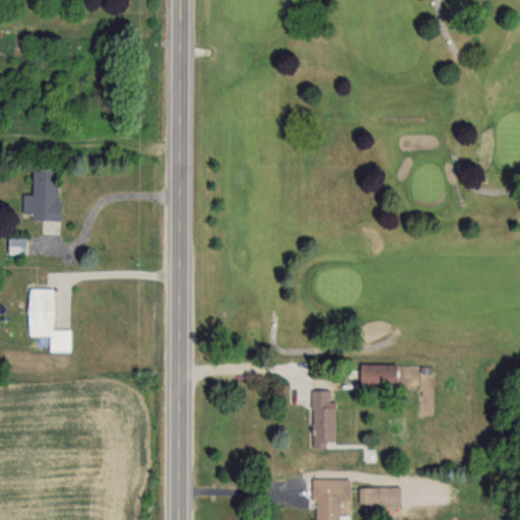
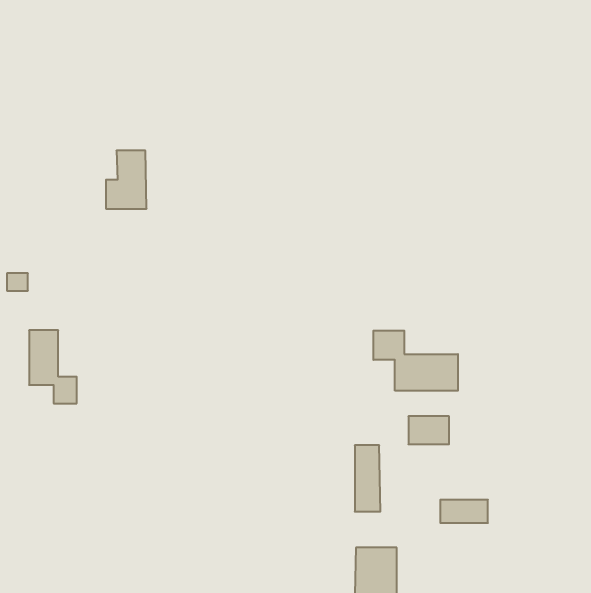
building: [23,170,59,220] -> [106,151,147,209]
building: none -> [373,331,458,391]
building: [360,486,401,507] -> [440,500,488,523]

